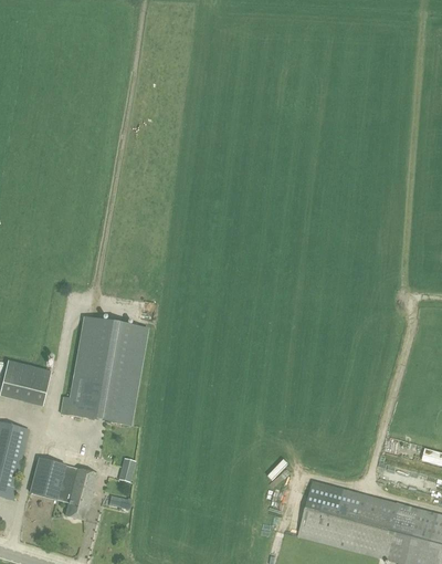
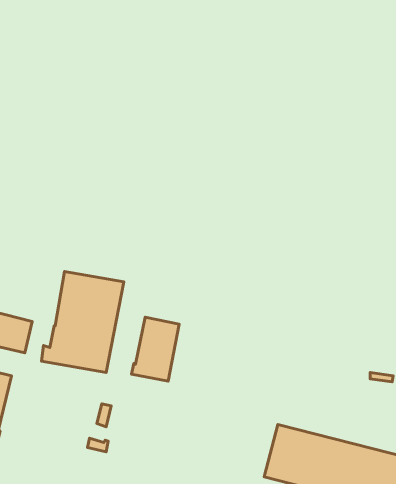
building: none -> [132,317,179,381]
building: [31,458,97,519] -> none

